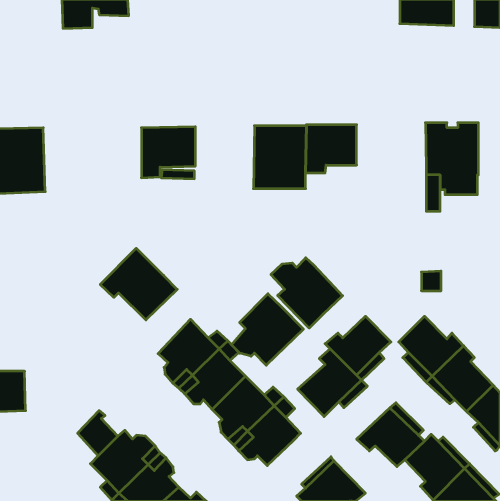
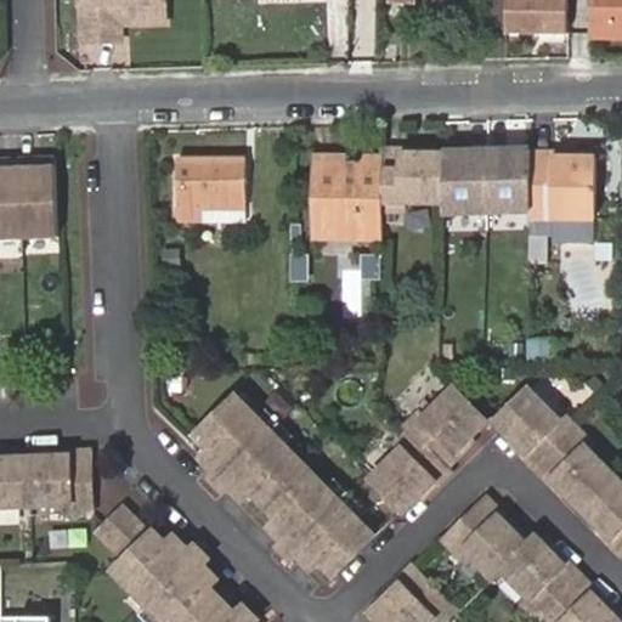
building: none -> [441,149,527,210]
building: [100,248,177,320] -> none
building: [271,258,343,328] -> none
building: [231,294,303,365] -> none
building: none -> [30,457,95,514]

